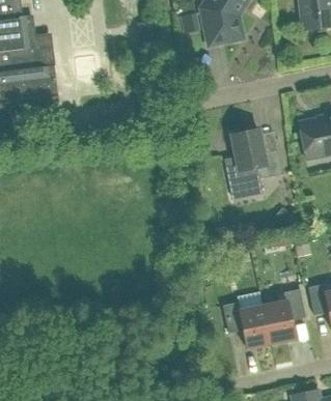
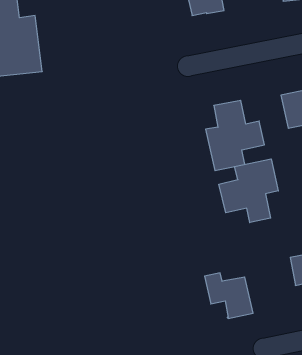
building: none -> [219,159,278,223]
building: [263,288,305,342] -> none

